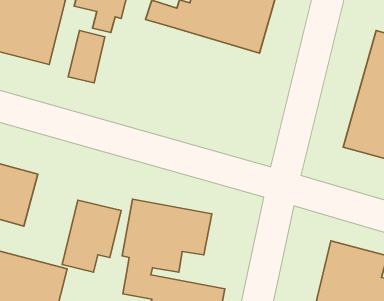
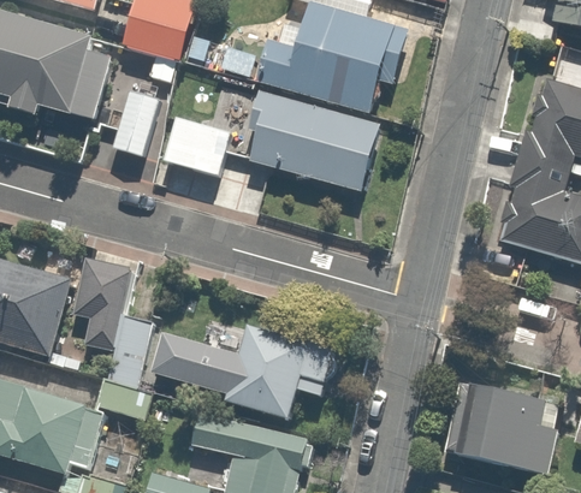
building: none -> [239,88,385,192]
building: none -> [166,120,233,177]
building: none -> [67,250,136,355]

